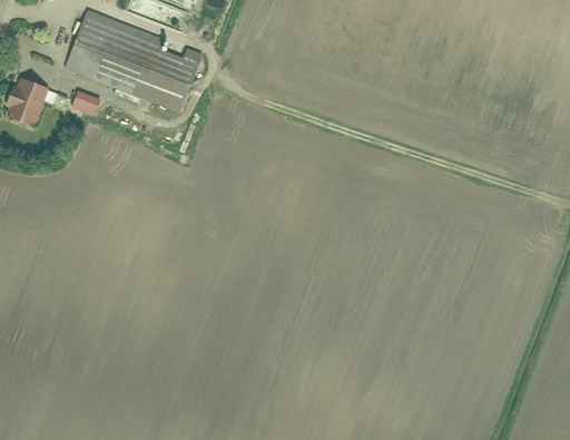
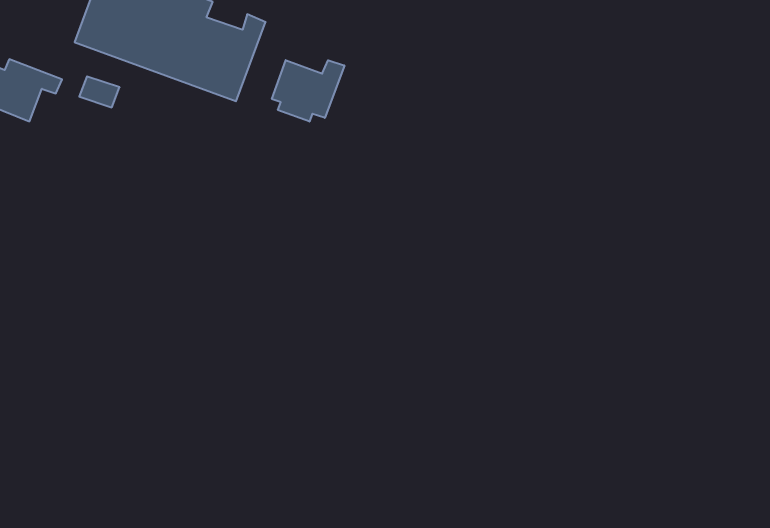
building: none -> [272,60,344,122]

